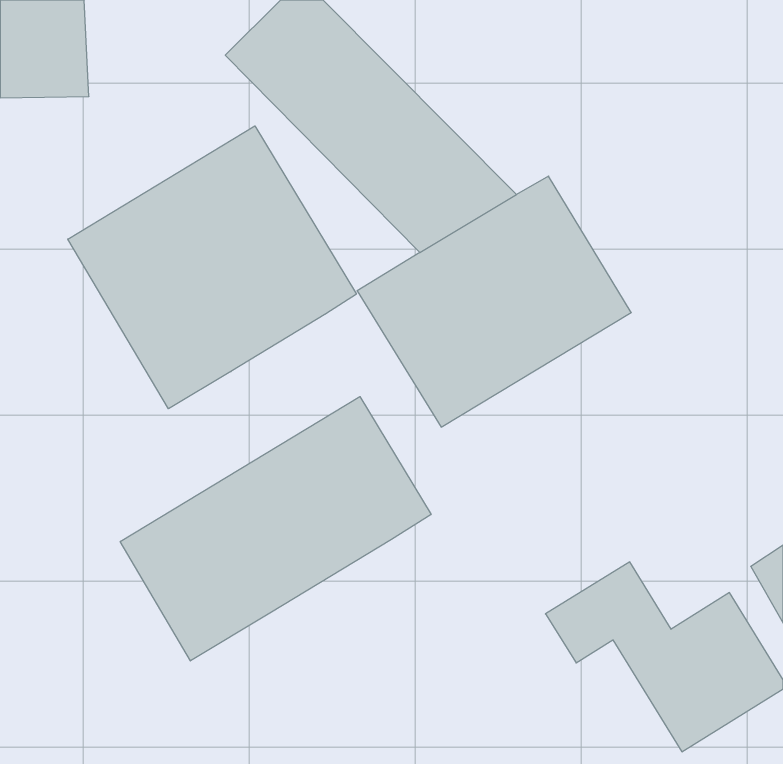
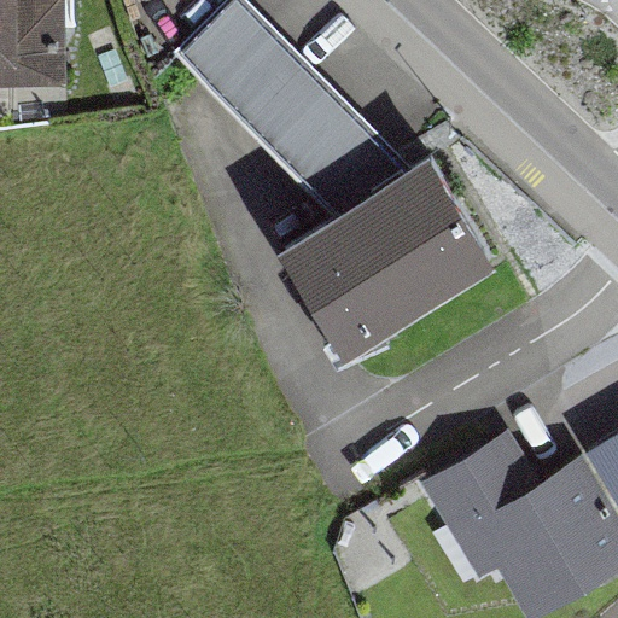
building: [68,126,356,409] -> none
building: [120,397,431,661] -> none

